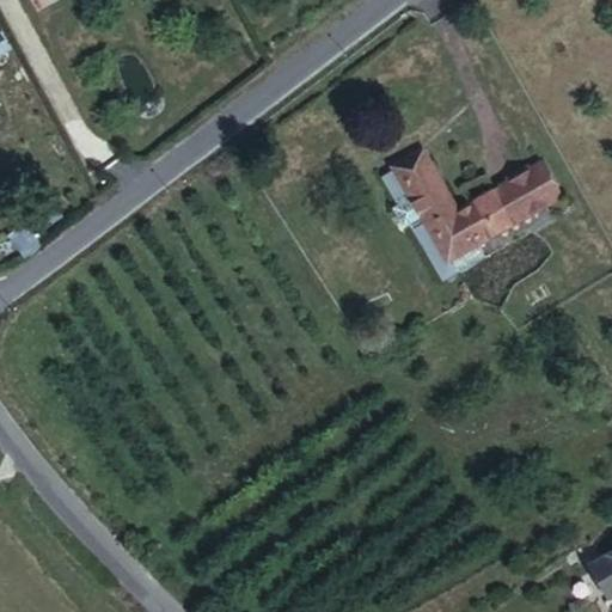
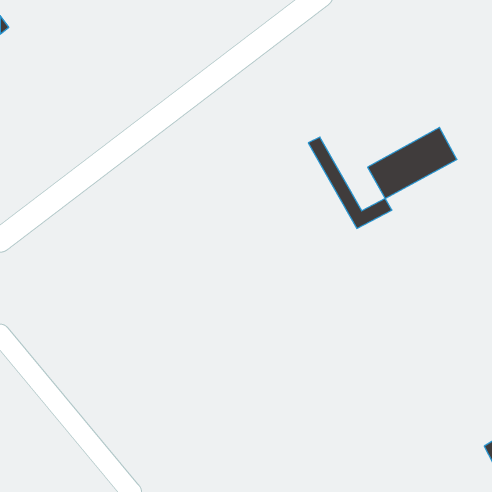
building: [399,152,479,259] -> none

